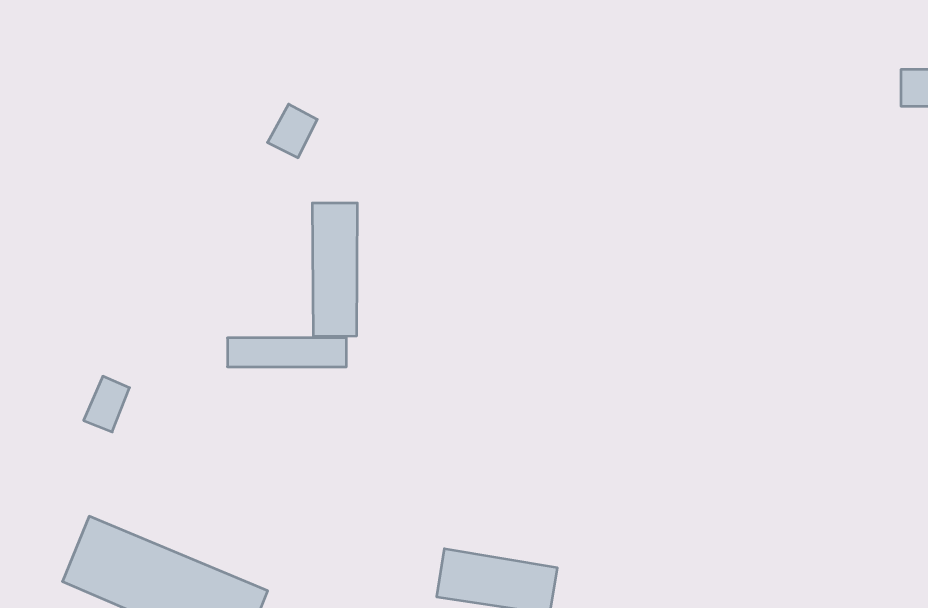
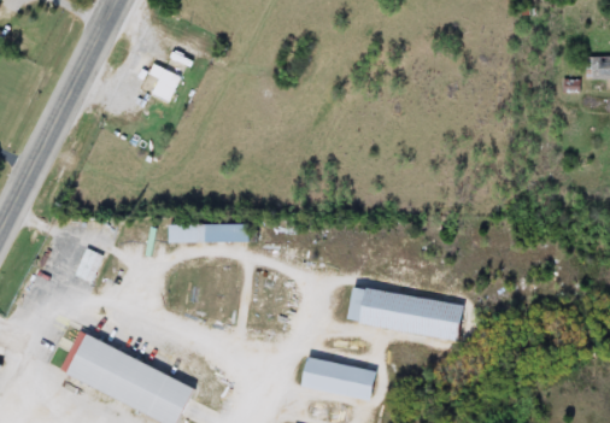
building: [267,104,317,158] -> [152,69,183,102]
building: [312,203,357,336] -> none
building: none -> [345,287,463,340]

